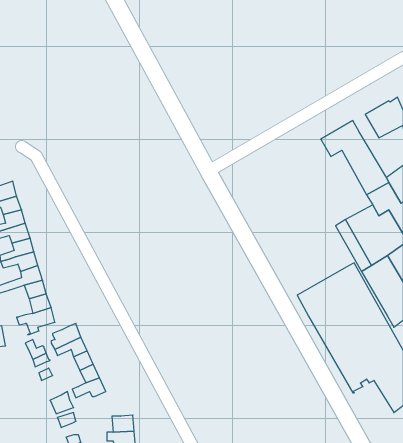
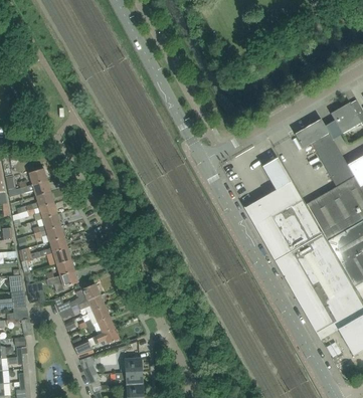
building: none -> [244,158,321,260]

